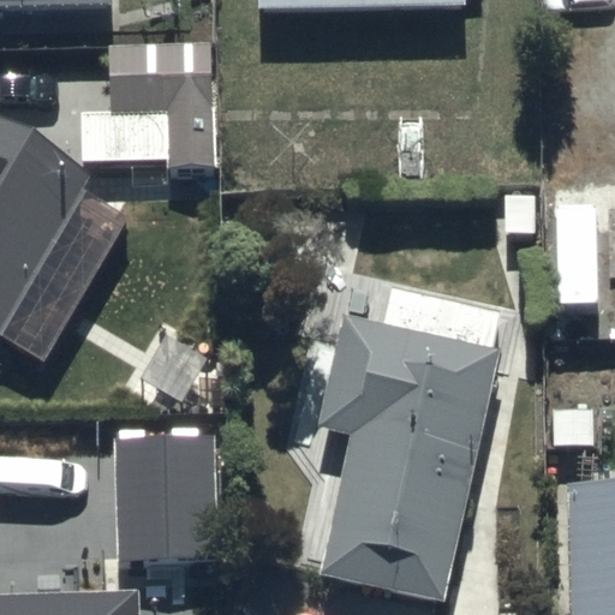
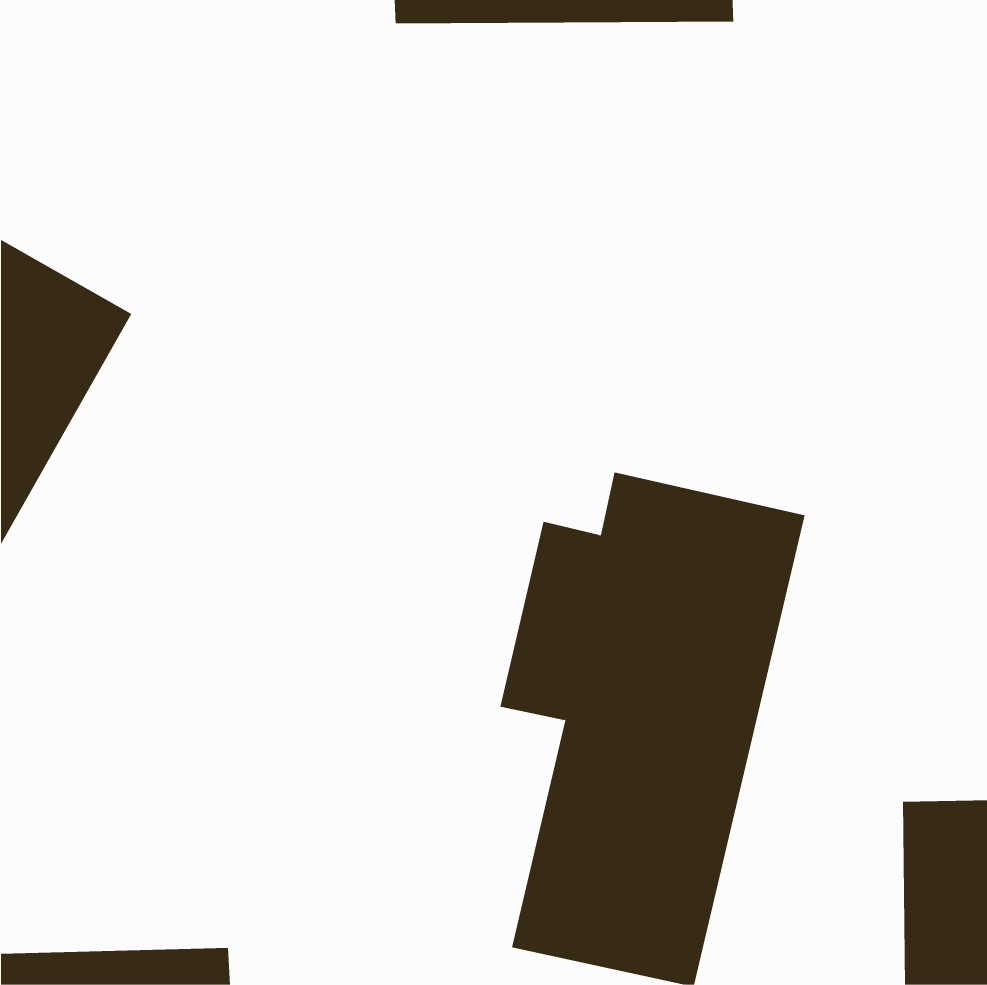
building: [77,43,225,174] -> none
building: [117,437,227,563] -> none

